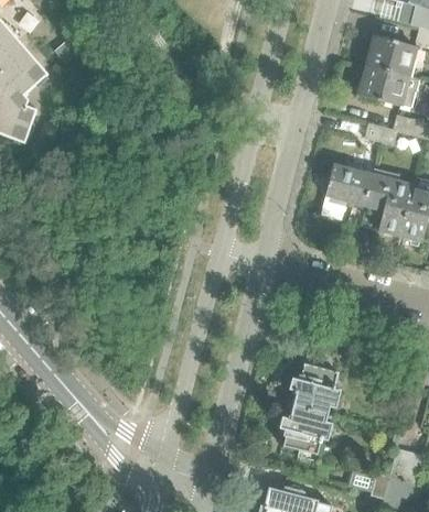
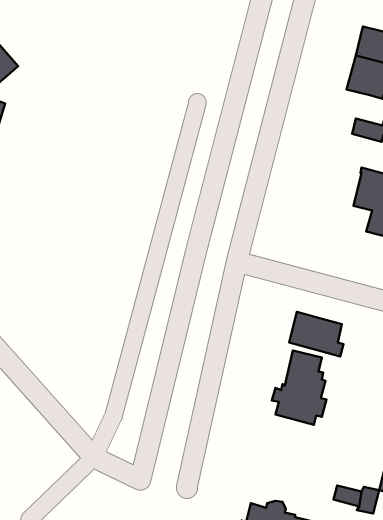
building: [325,163,374,205] -> none
building: none -> [289,312,344,357]
building: [279,402,332,461] -> none

